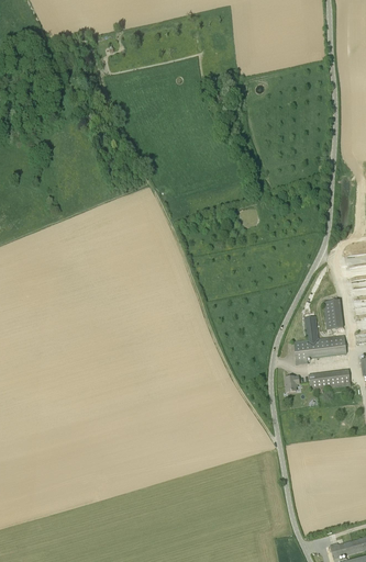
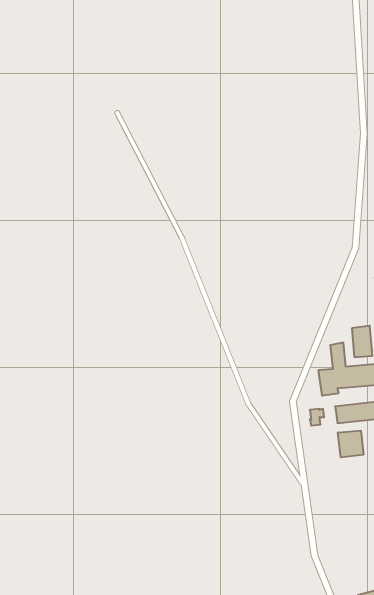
building: none -> [338,431,363,457]

